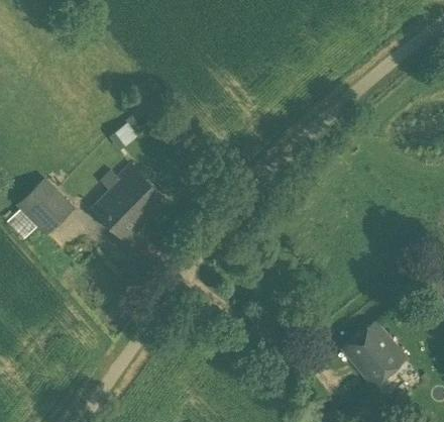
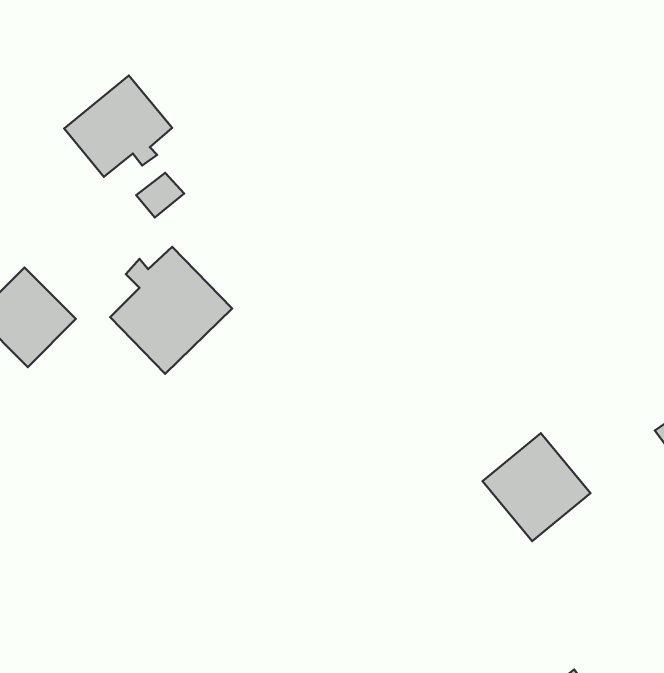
building: none -> [64,75,172,177]
building: [342,322,406,386] -> [482,433,591,541]

